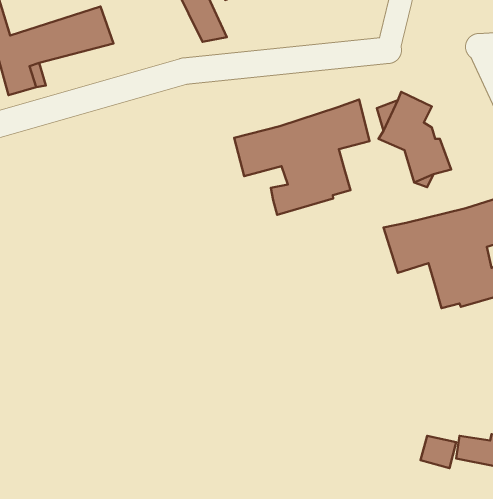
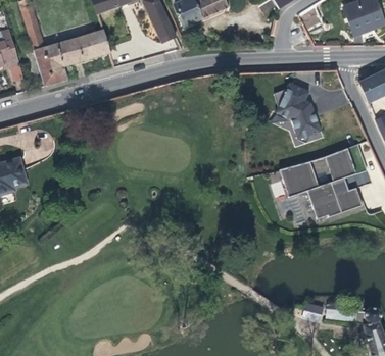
building: [234,100,370,215] -> none

